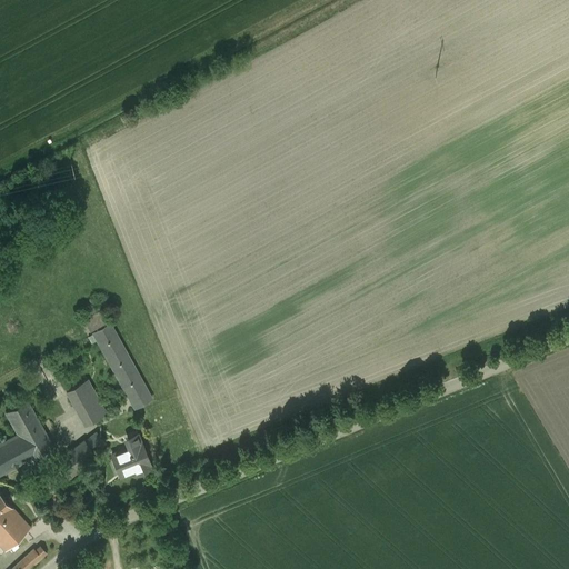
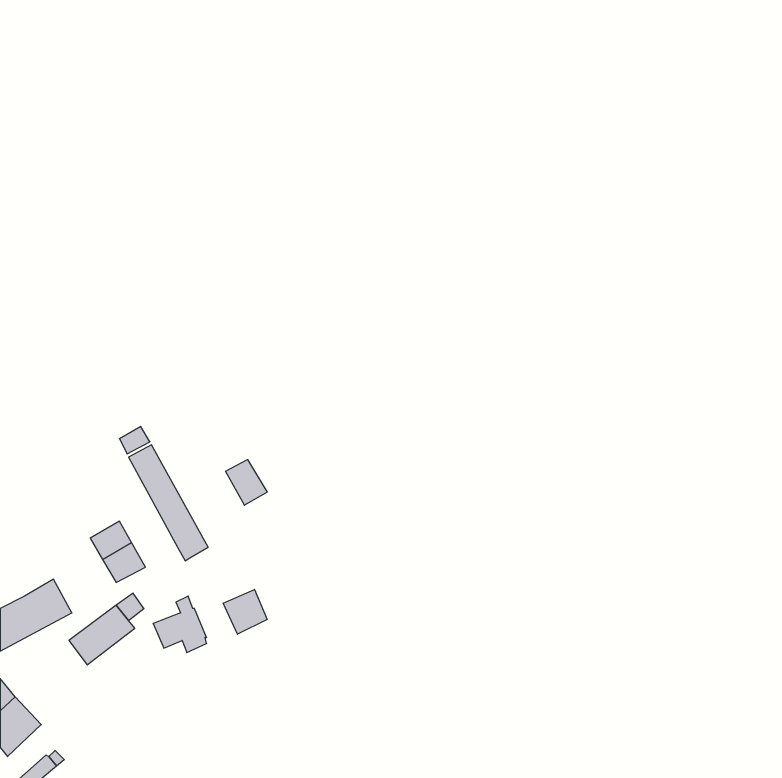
building: none -> [226,460,267,505]
building: [6,402,39,436] -> none
building: none -> [223,589,267,634]

